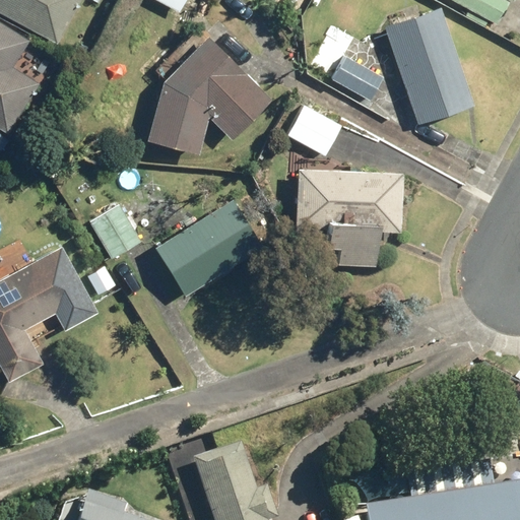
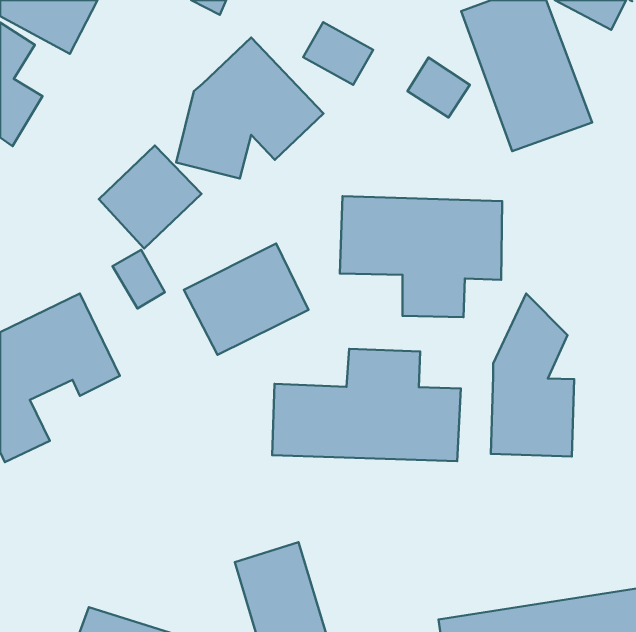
building: [285,105,342,155] -> [303,22,373,85]
building: none -> [99,145,202,248]
building: none -> [491,293,574,456]
building: none -> [272,349,461,461]

